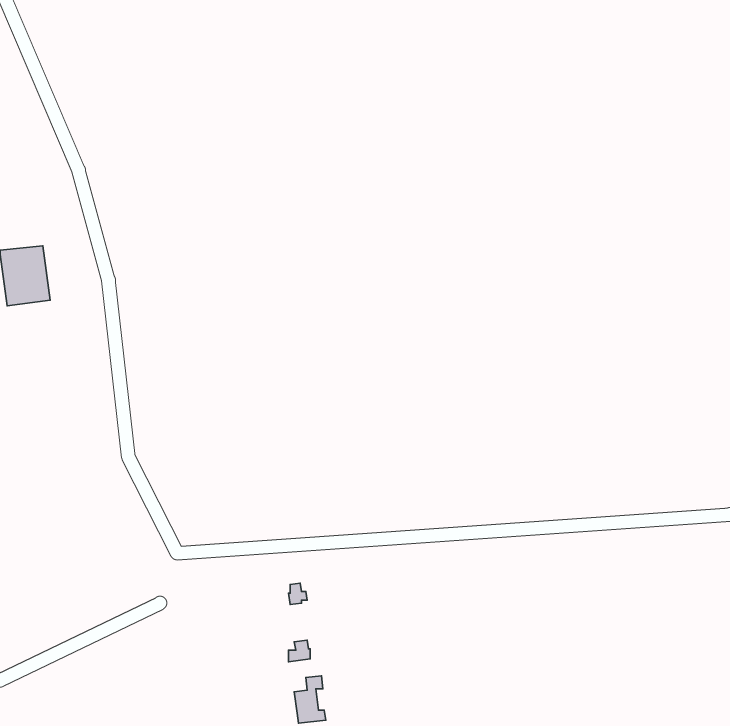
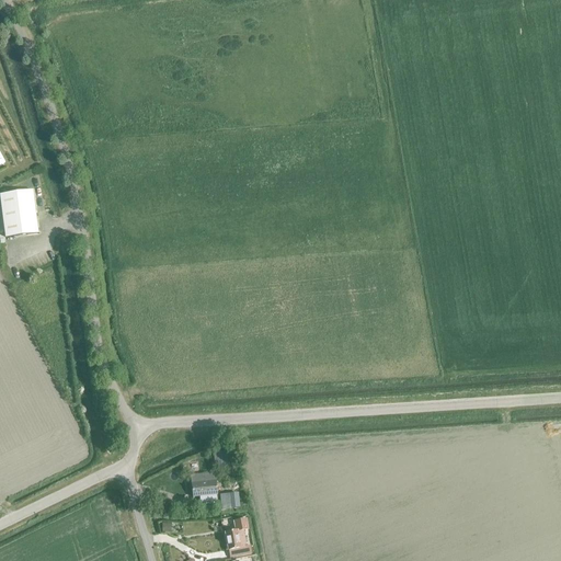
building: none -> [191,472,219,503]

